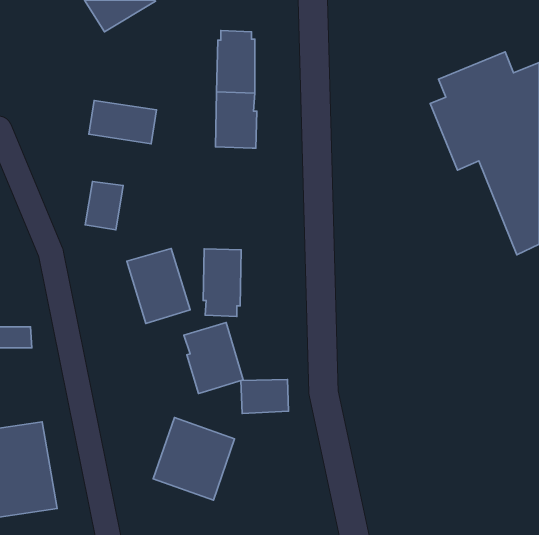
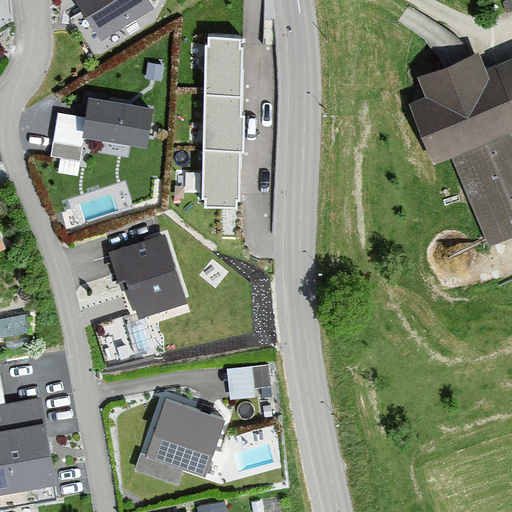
building: [85,181,123,230] -> [50,116,86,162]
building: [203,249,241,316] -> [203,144,239,208]
building: [184,322,243,394] -> none

